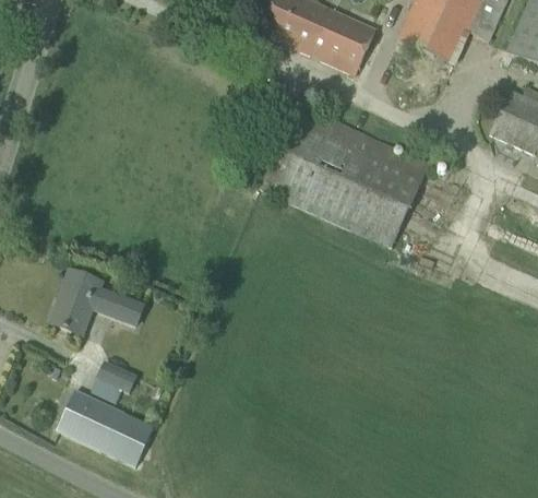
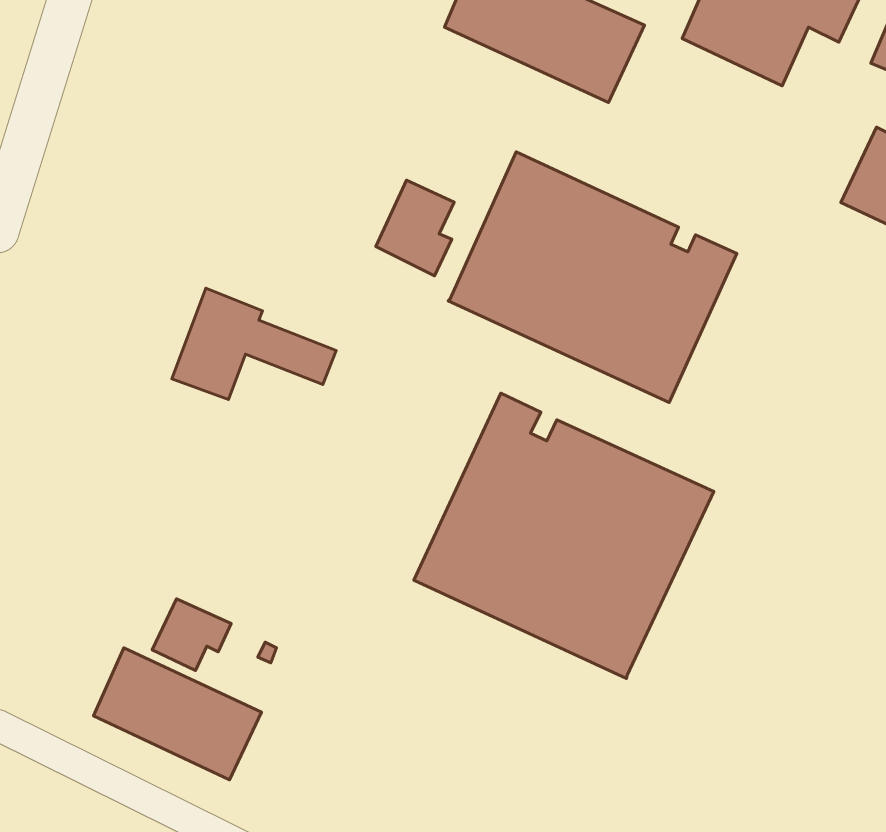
building: none -> [376,180,454,276]
building: none -> [414,393,714,679]
building: [49,270,144,334] -> [172,288,336,400]

